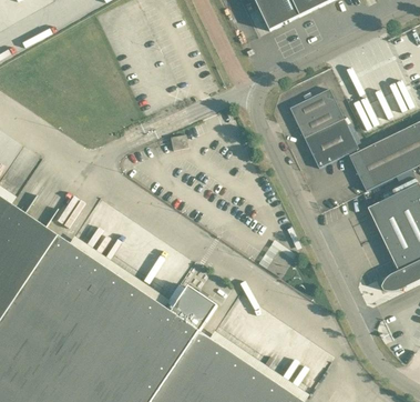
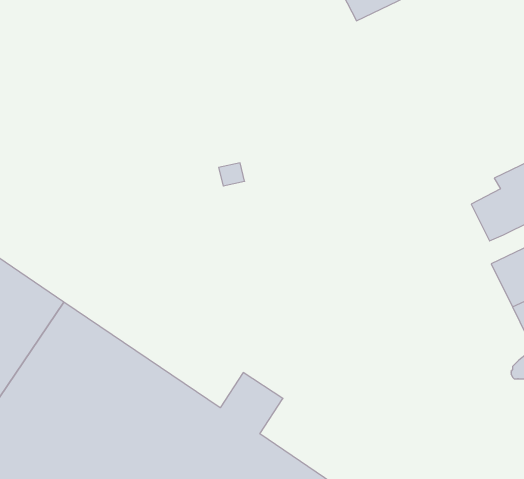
building: [289,88,373,167] -> none

